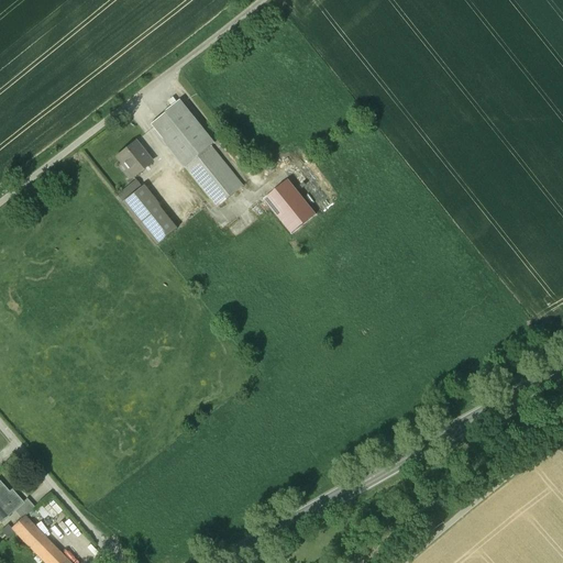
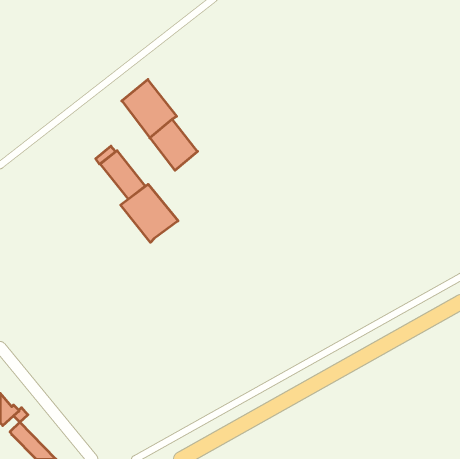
building: [118,141,152,175] -> none
building: [264,177,317,231] -> none
building: none -> [121,184,178,242]

